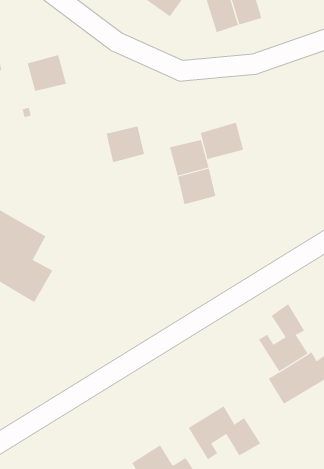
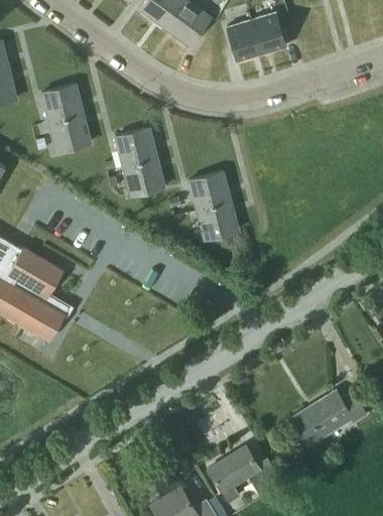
building: none -> [50,115,91,153]
building: none -> [116,128,157,166]
building: [200,122,244,160] -> none
building: [258,303,309,372] -> none

